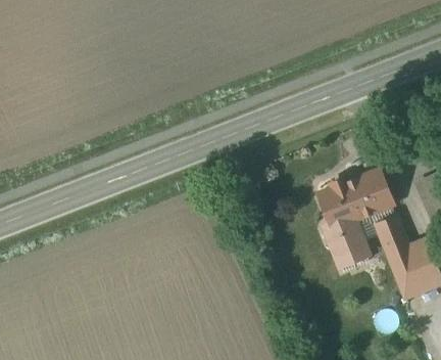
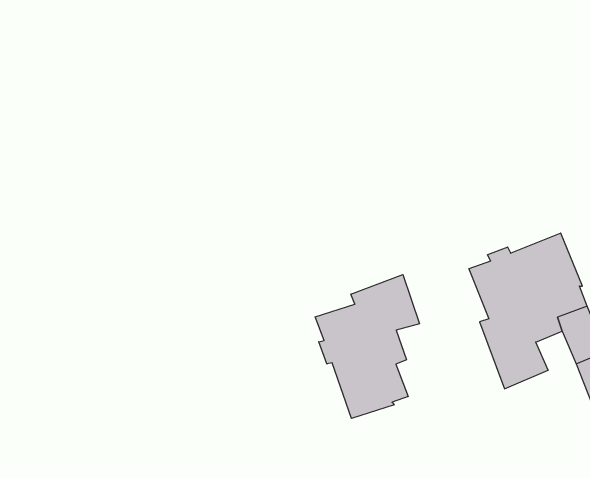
building: none -> [315,275,419,418]

